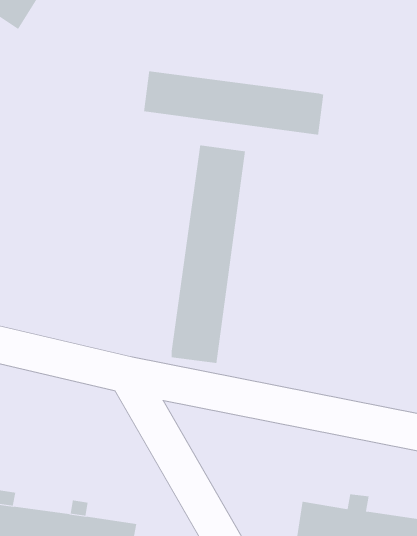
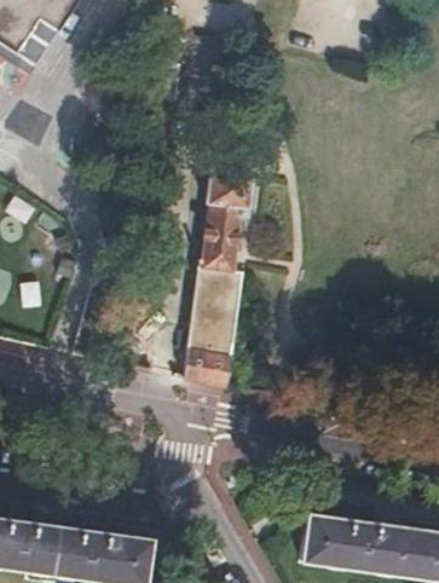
building: [143,70,324,135] -> none

